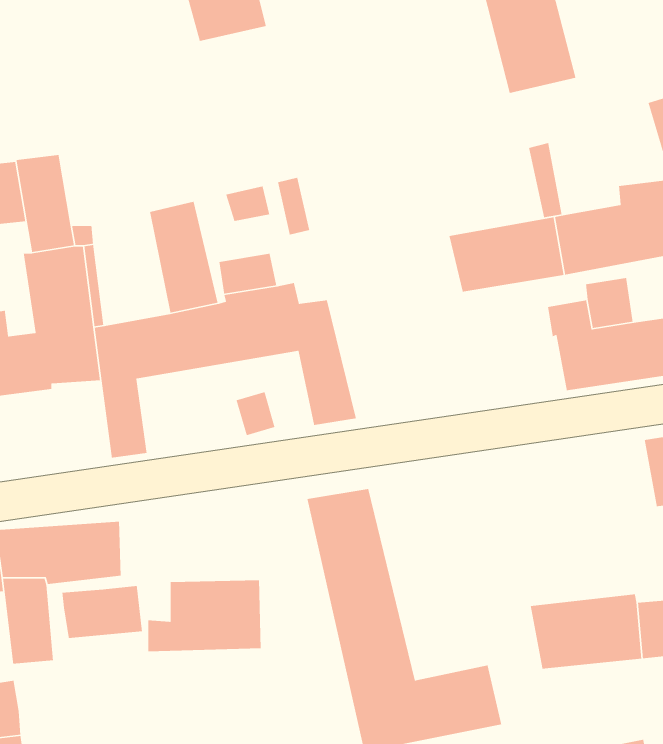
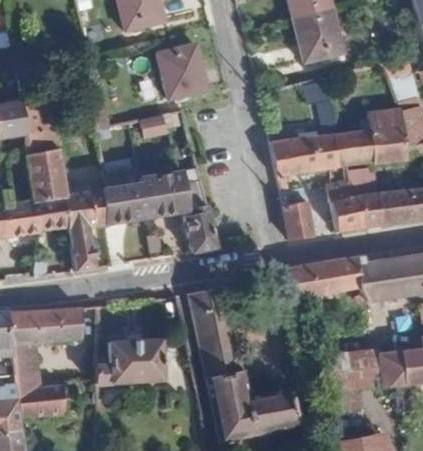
building: none -> [156,42,207,98]
building: none -> [284,202,313,240]
building: none -> [289,257,365,300]
building: [61,585,143,639] -> [18,387,65,418]

